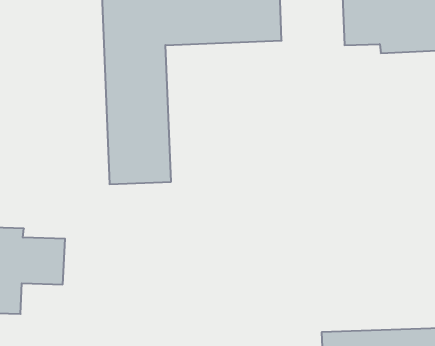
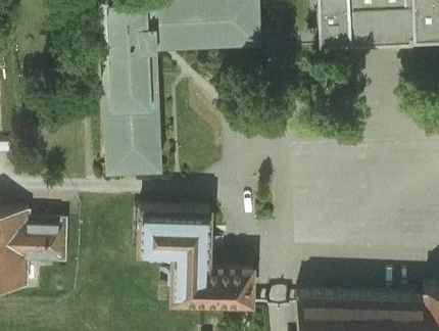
building: none -> [139,203,257,301]

